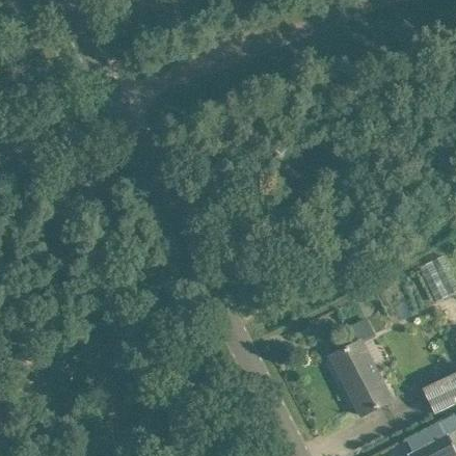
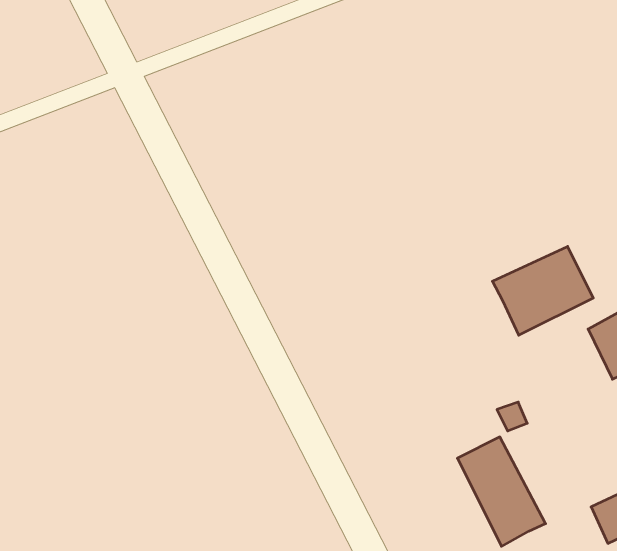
building: none -> [492,246,593,335]

